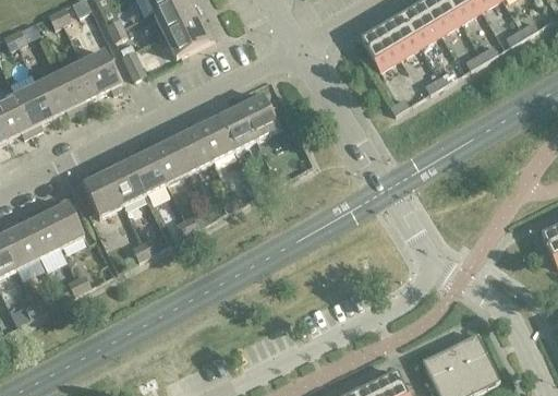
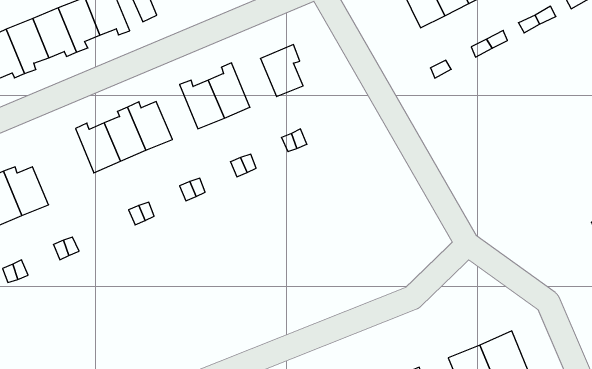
building: [214,106,255,149] -> none
building: [149,133,187,182] -> none
building: [44,197,83,247] -> none

